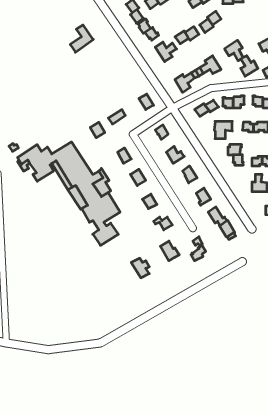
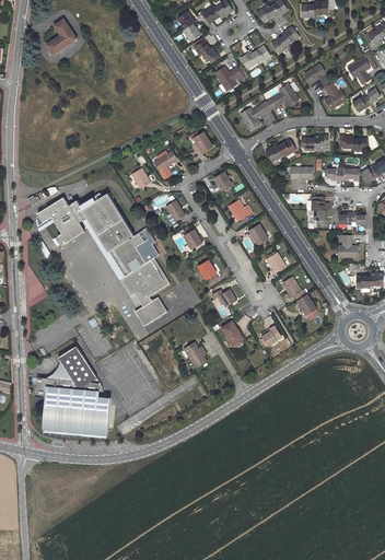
building: [70,25,93,52] -> [46,20,75,55]
building: none -> [35,346,110,435]

